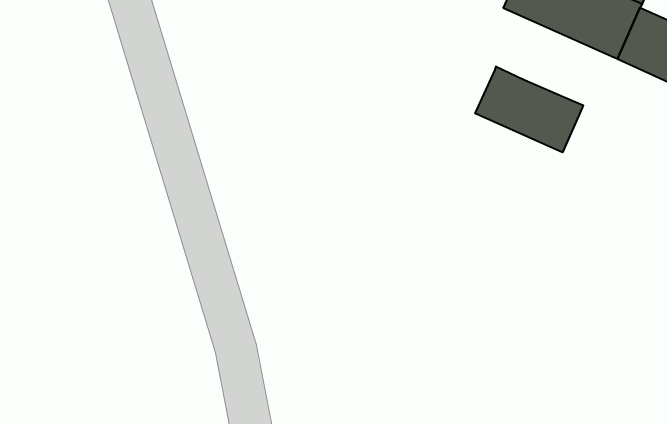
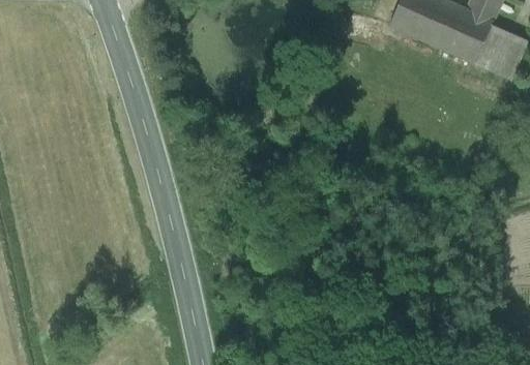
building: [475,66,583,152] -> none

